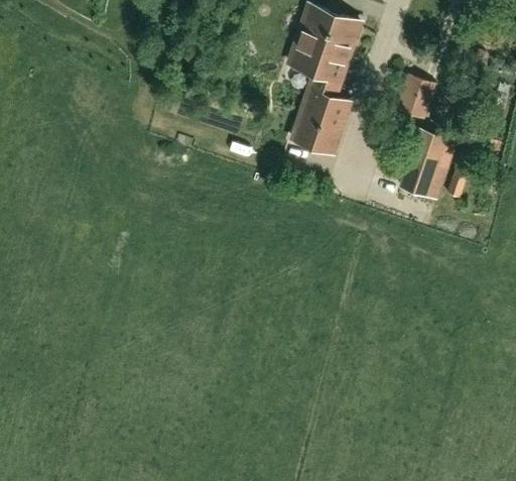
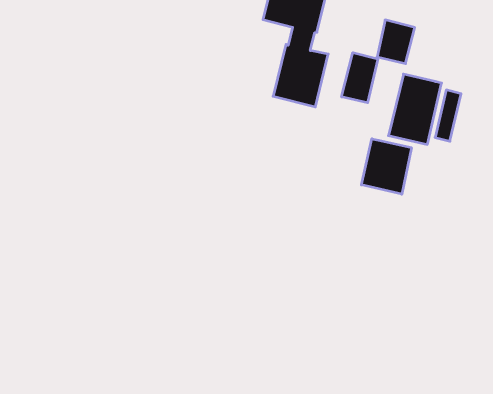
building: none -> [342,53,378,103]
building: none -> [361,139,411,194]

